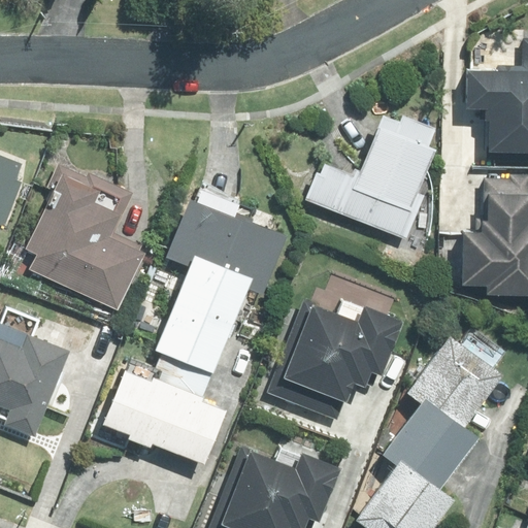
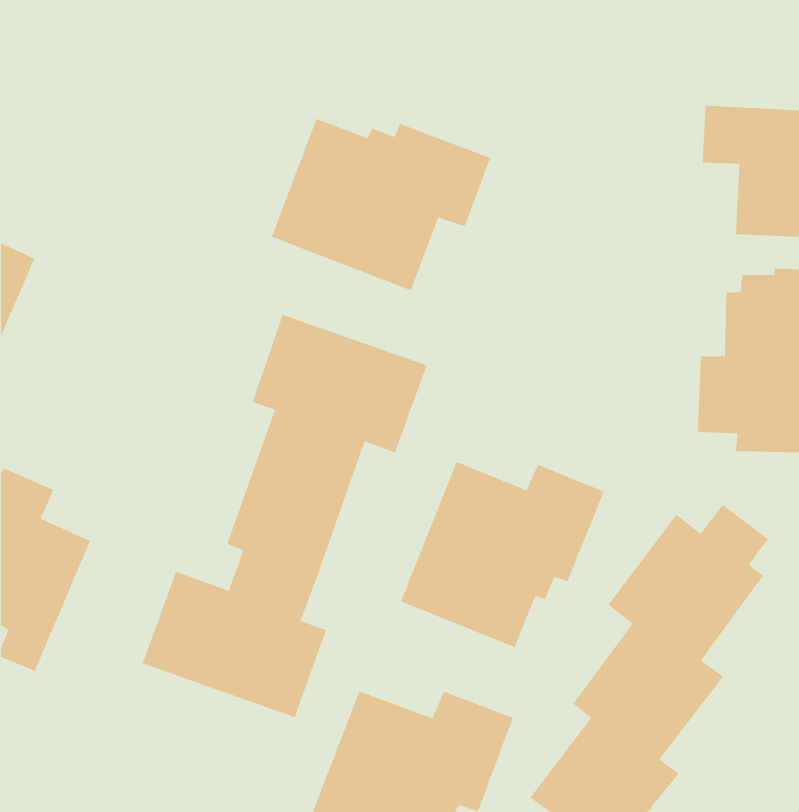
building: none -> [271,118,491,291]
building: [305,109,433,240] -> none
building: [24,158,143,308] -> none

